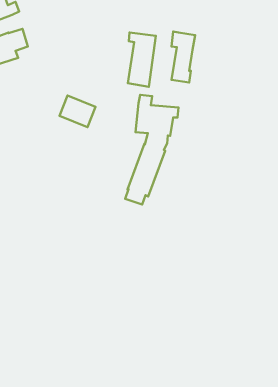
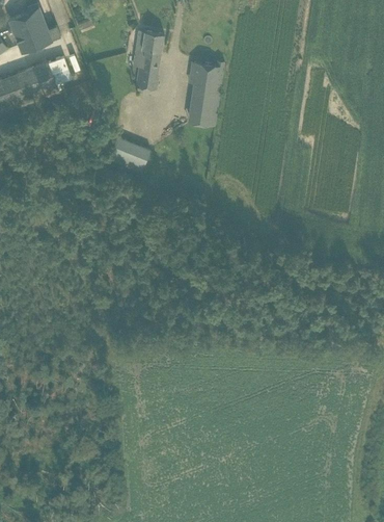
building: [172,32,195,82] -> [135,30,163,90]
building: [125,95,179,205] -> none

